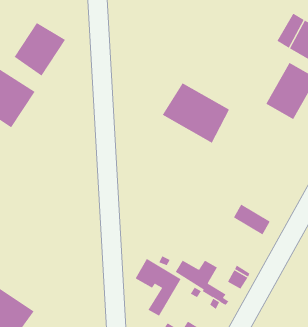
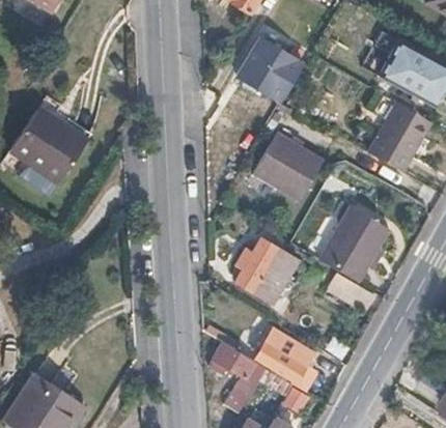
building: none -> [236,38,304,105]
building: [14,22,66,77] -> none
building: none -> [316,205,387,282]
building: none -> [238,240,299,305]

